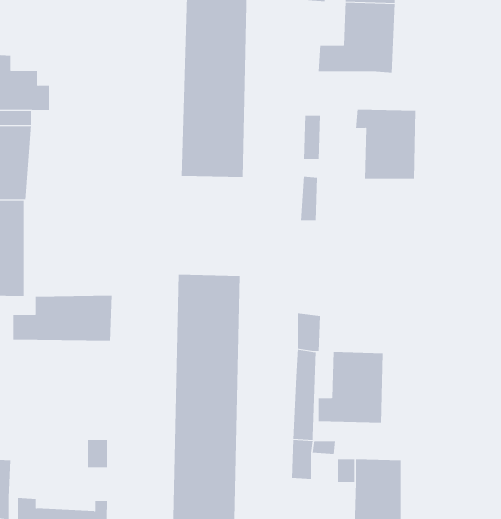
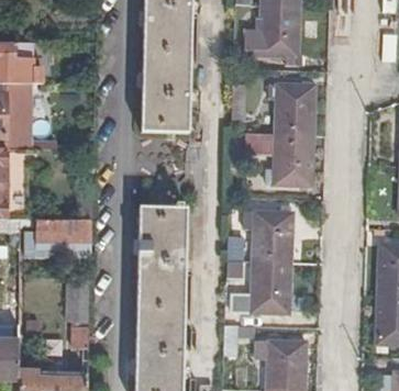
building: none -> [245,132,313,185]
building: none -> [244,210,291,261]
building: none -> [64,278,87,322]

